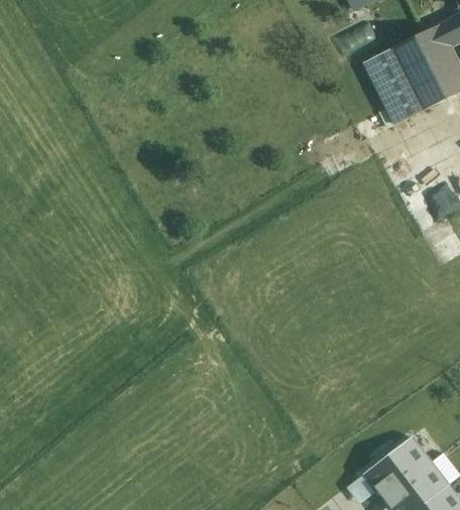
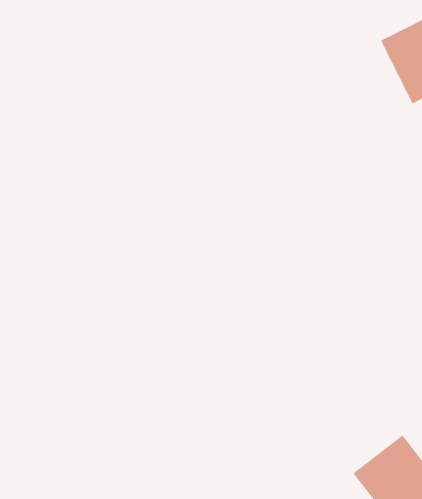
building: [364,49,421,124] -> none

